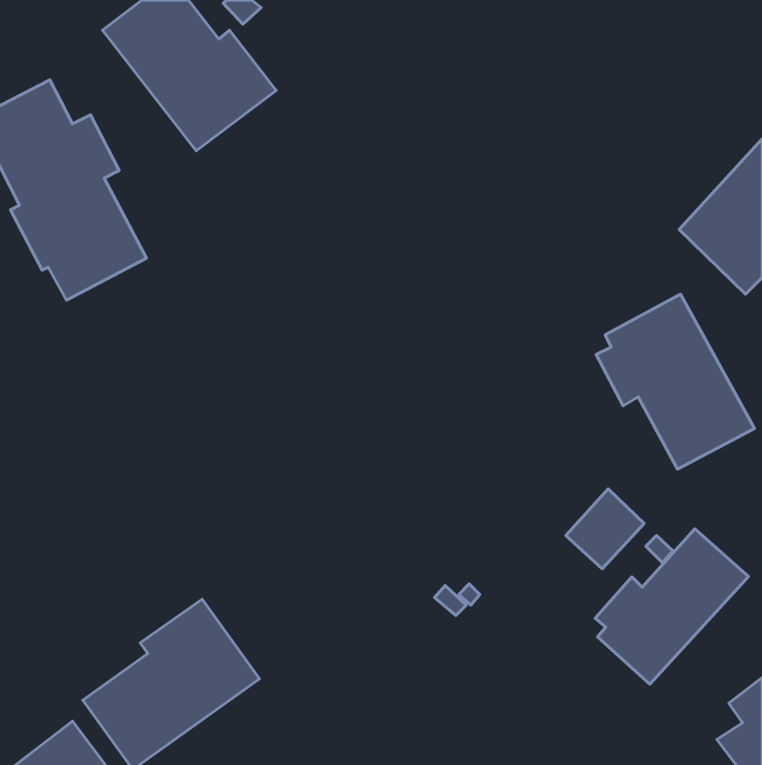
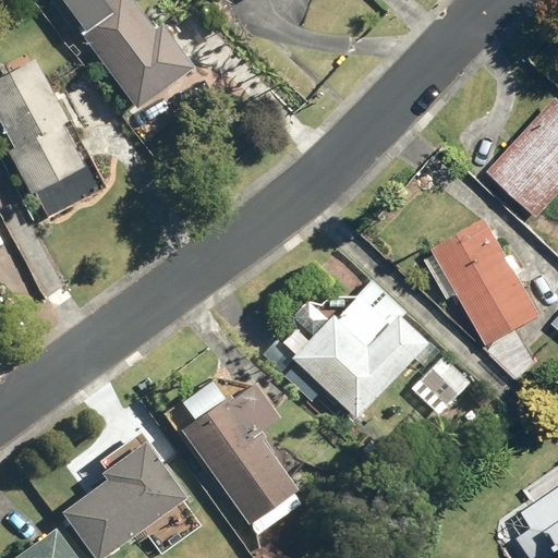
building: none -> [278,281,430,418]
building: none -> [179,375,301,534]
building: [595,529,749,684] -> none

